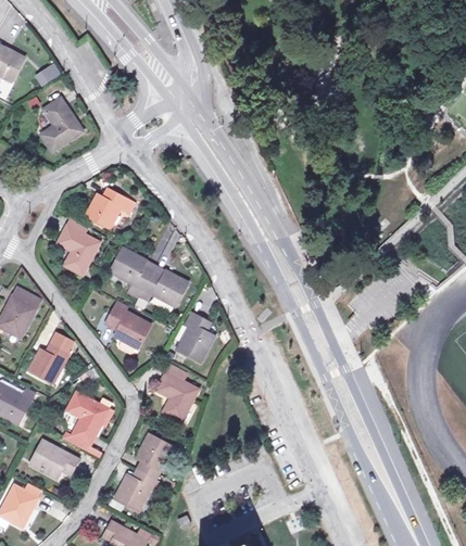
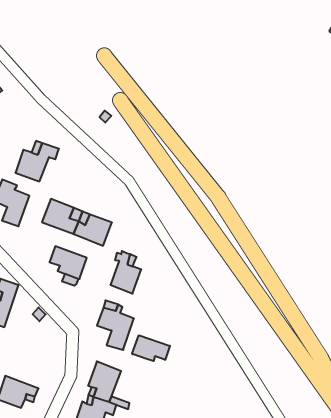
building: [71,391,111,446] -> none
building: none -> [132,335,170,361]

